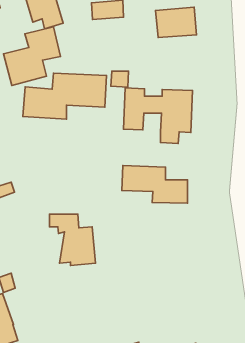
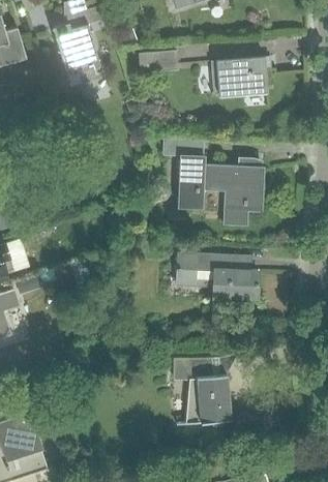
building: [3,27,61,85] -> none
building: [23,73,106,119] -> none
building: [49,214,96,266] -> [175,360,232,423]

